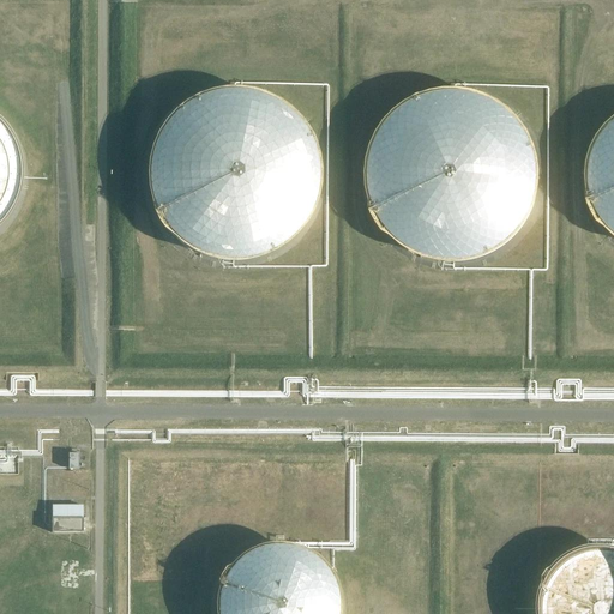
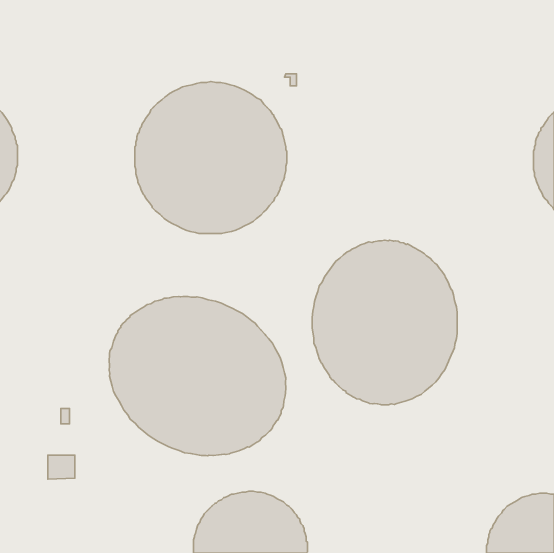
building: [369,91,537,259] -> none
building: none -> [312,240,457,405]
building: none -> [109,296,286,456]

